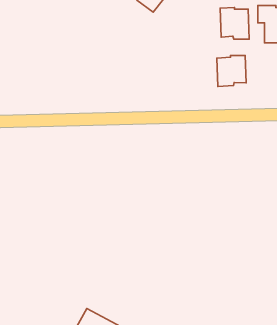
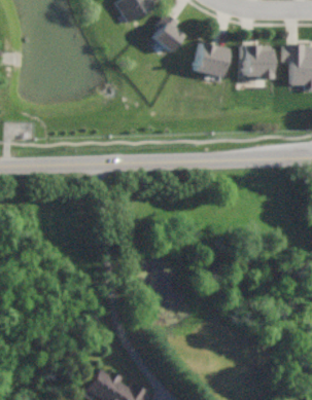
building: none -> [194,43,231,77]
building: [217,55,246,86] -> none

